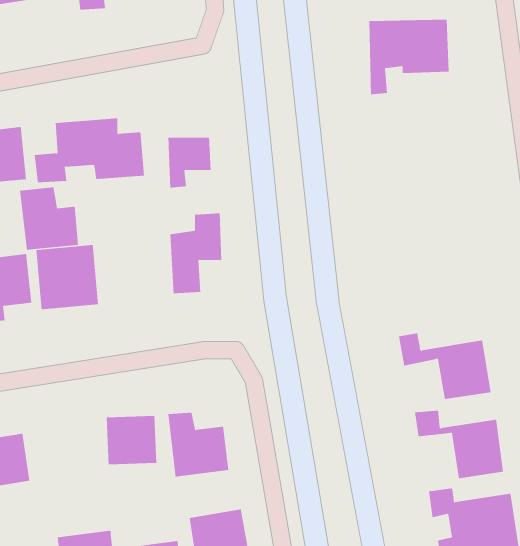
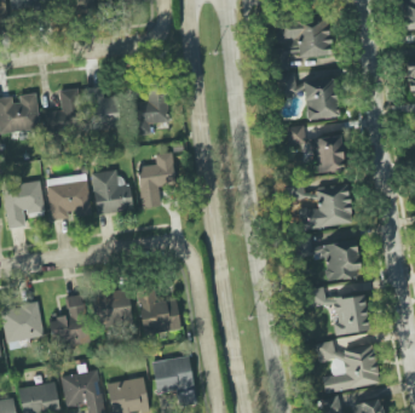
building: none -> [278,70,339,120]
building: none -> [286,125,345,172]
building: [19,187,79,250] -> [92,170,133,213]
building: none -> [300,184,351,228]
building: none -> [50,293,91,346]

